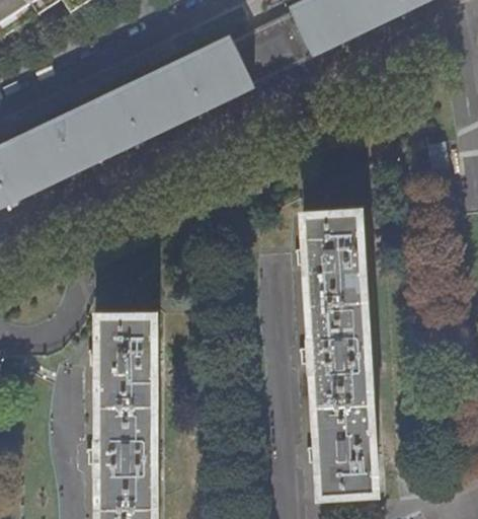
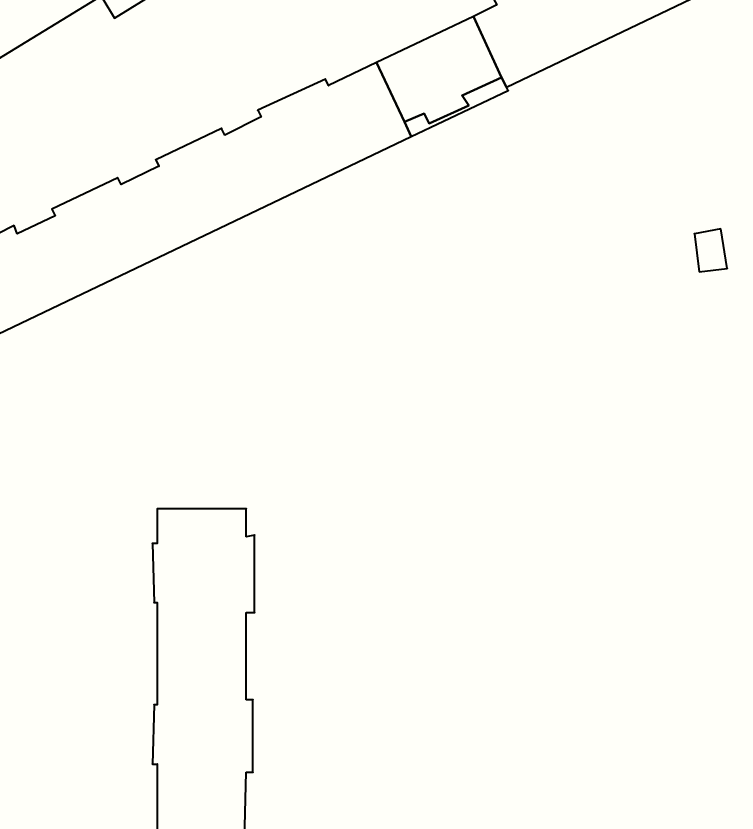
building: [302,213,377,494] -> none

